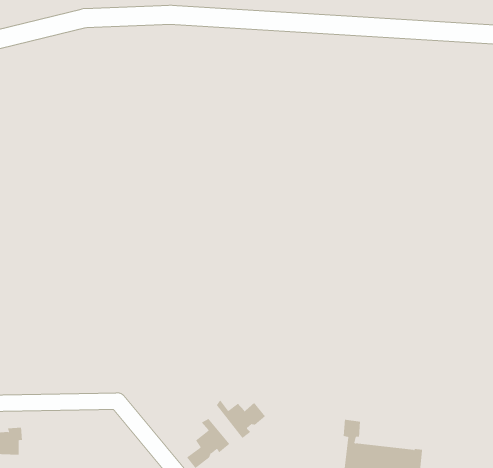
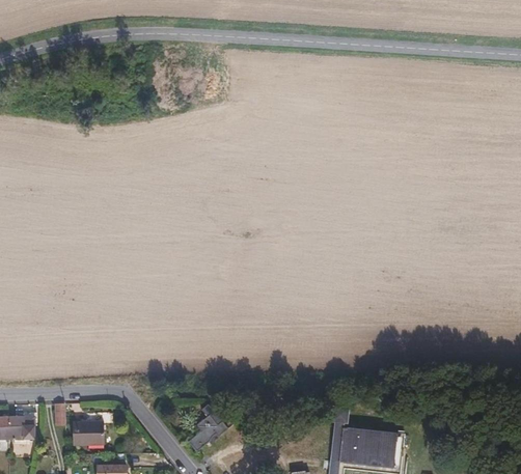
building: [216,400,266,439] -> none
building: none -> [73,421,104,444]

